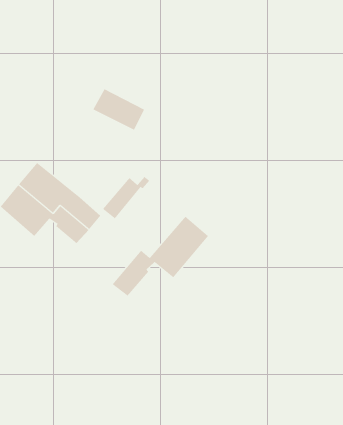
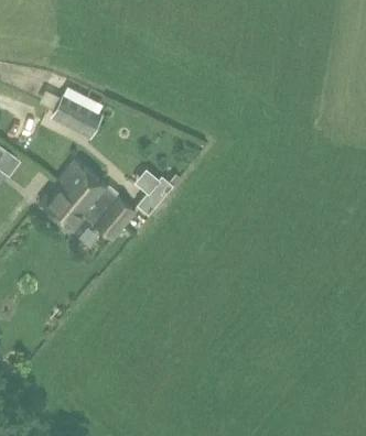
building: [92,89,145,131] -> [51,98,100,138]
building: [112,216,209,297] -> none

